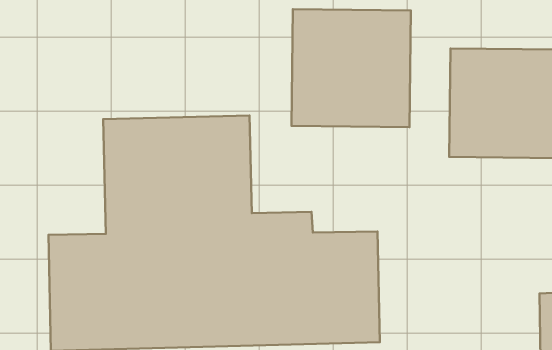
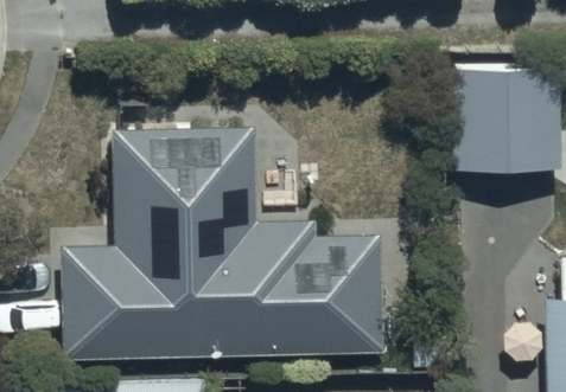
building: [292,9,411,127] -> none

